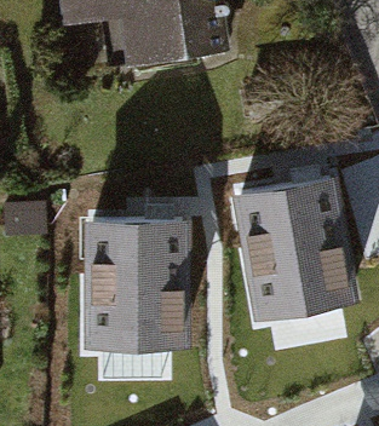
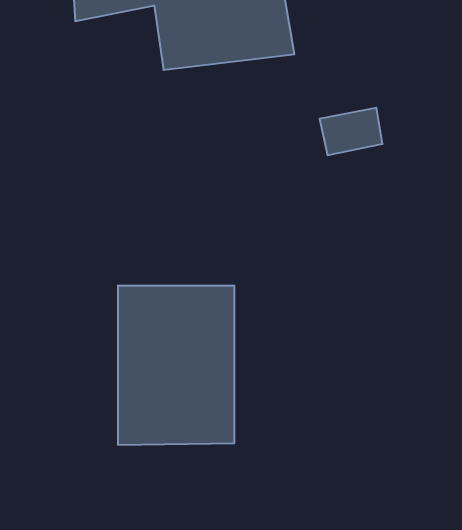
building: [241,185,350,320] -> none

